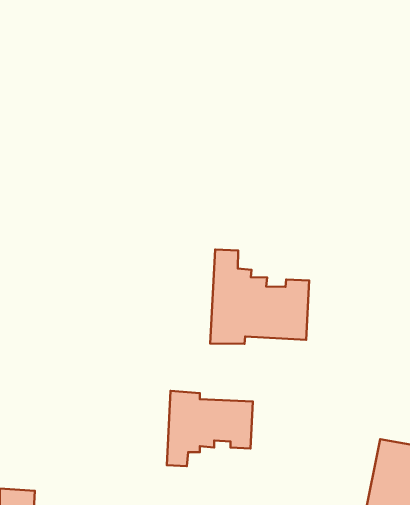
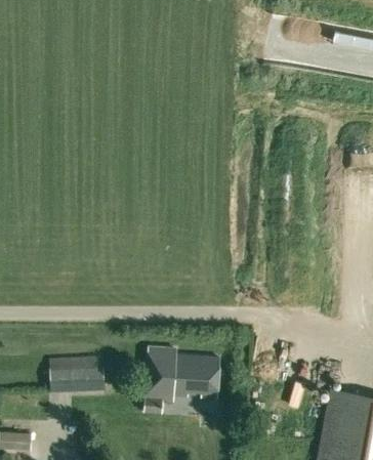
building: [210,250,309,344] -> none
building: none -> [49,367,105,392]

